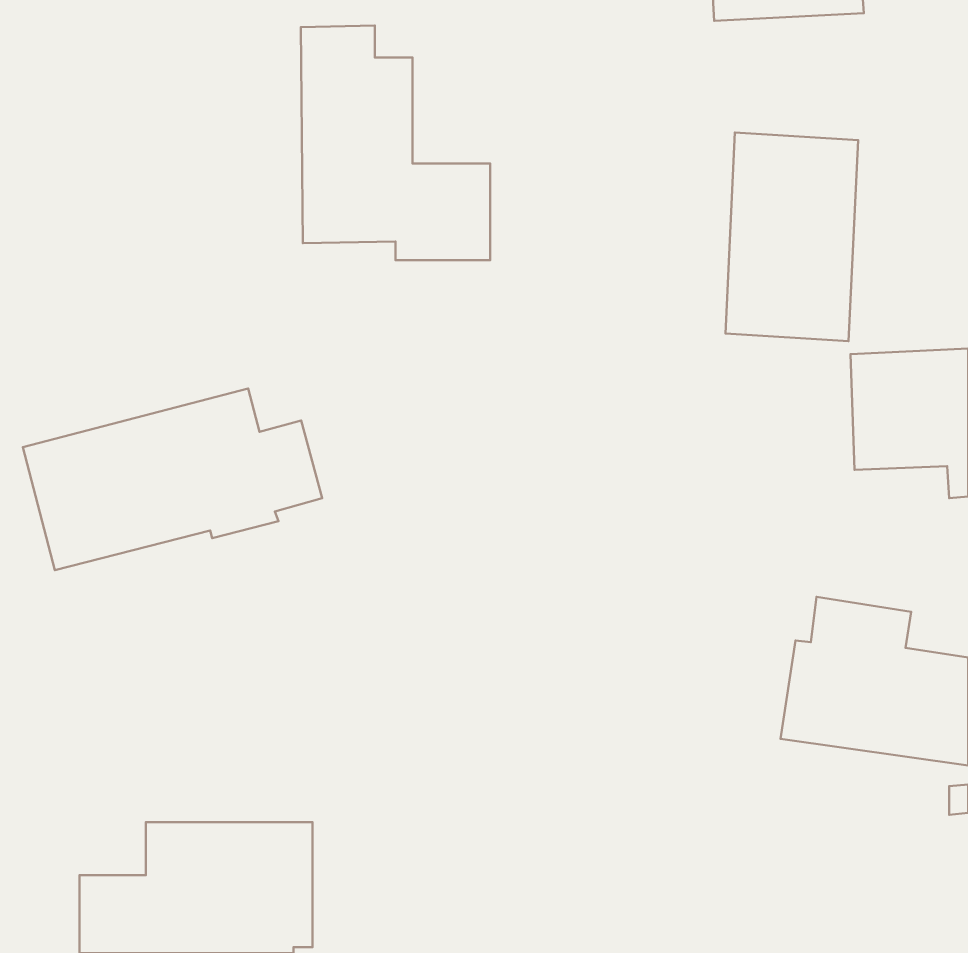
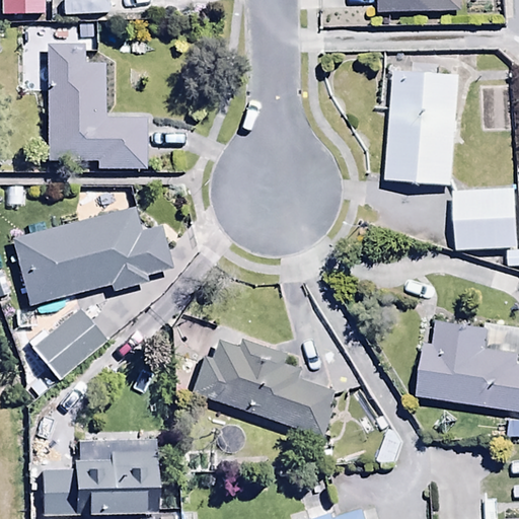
building: [301,25,490,260] -> [46,42,147,167]
building: none -> [32,305,107,378]
building: none -> [190,339,339,437]

